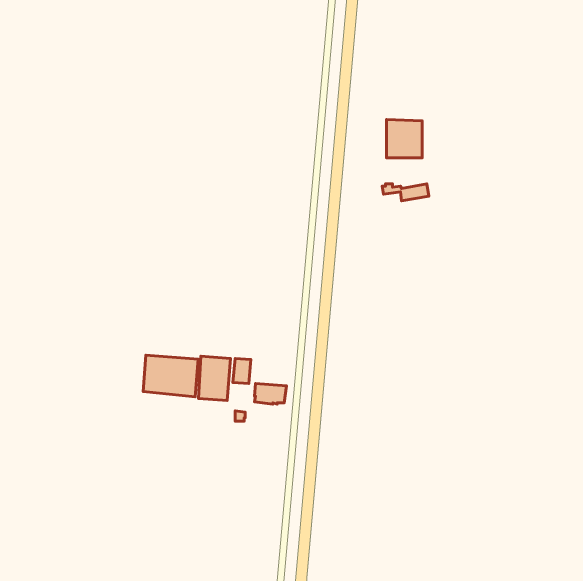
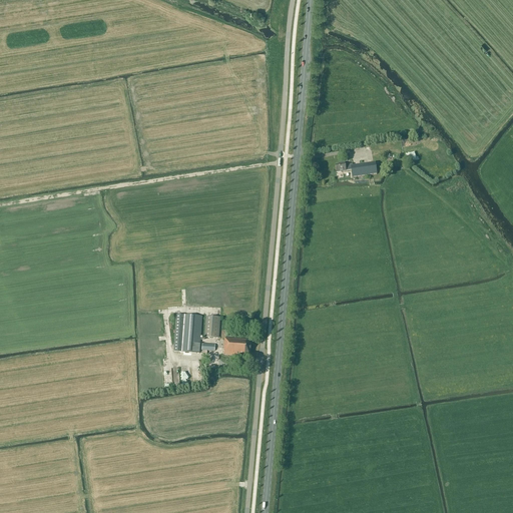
building: [386,120,422,158] -> none
building: [143,355,198,397] -> none

